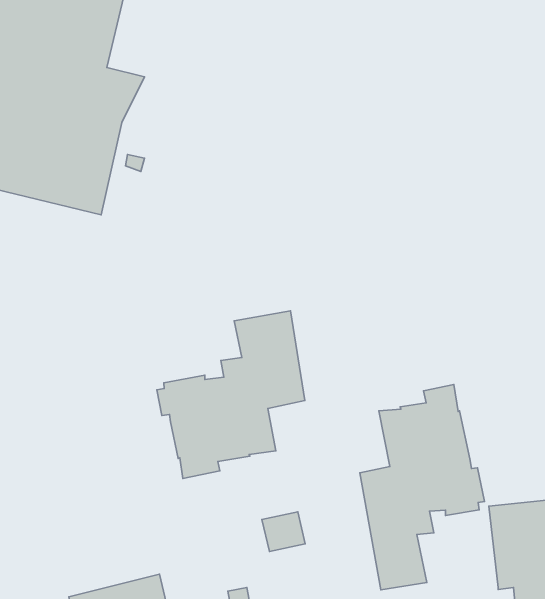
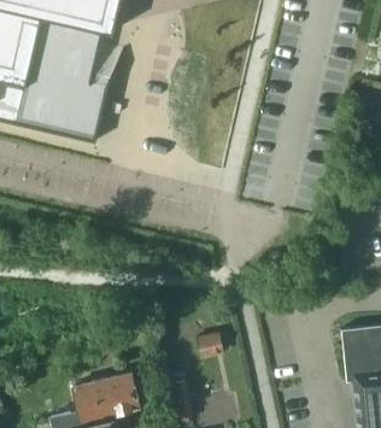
building: [157,311,305,479] -> none
building: [360,385,484,590] -> none

